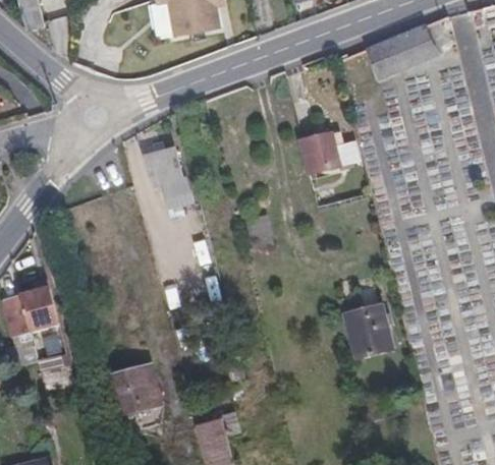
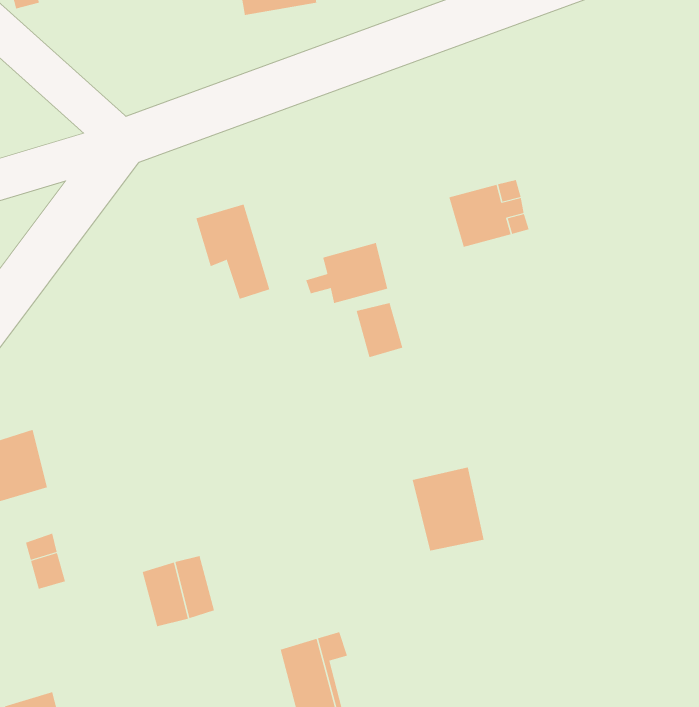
building: [367,25,436,76] -> none
building: none -> [305,242,388,304]
building: [346,306,392,359] -> [412,467,485,551]

